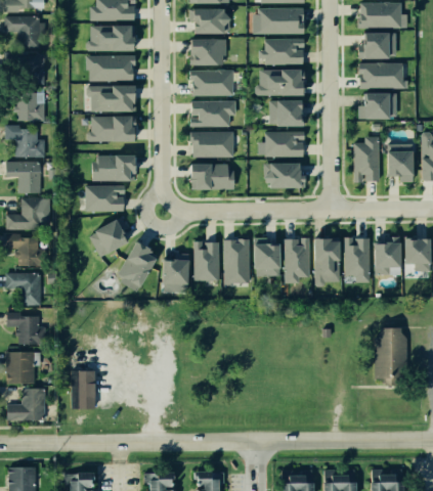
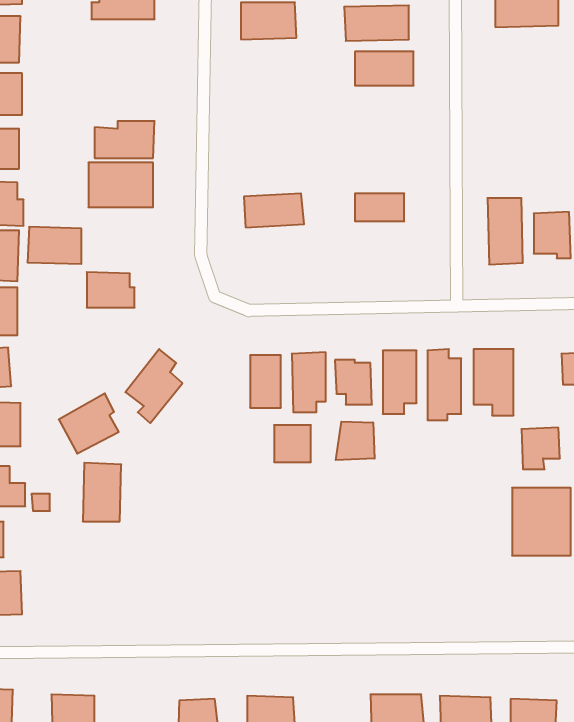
building: [92,26,132,49] -> none
building: [359,33,388,55] -> none
building: [191,40,224,62] -> none
building: [90,56,131,80] -> none
building: [362,65,399,86] -> none
building: [192,72,229,94] -> none
building: [259,72,304,96] -> none
building: [361,94,388,120] -> none
building: [271,101,301,127] -> none
building: [193,104,231,128] -> none
building: [95,157,131,181] -> [27,227,81,264]
building: [190,164,234,189] -> none
building: [264,166,303,187] -> none
building: [90,215,130,255] -> [59,393,119,454]
building: [375,244,400,272] -> [521,428,560,469]
building: [162,259,186,283] -> [274,425,311,462]
building: none -> [336,422,375,460]
building: [74,371,99,410] -> [83,463,121,521]

